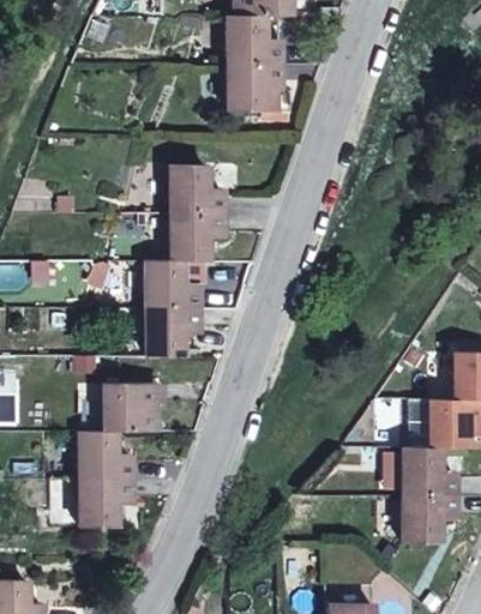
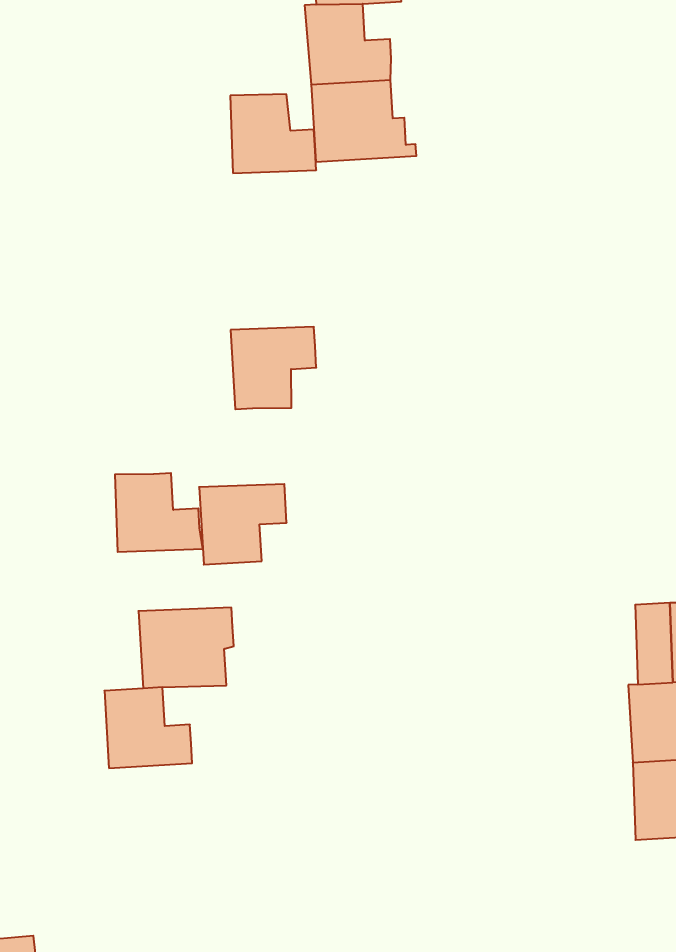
building: [170,164,222,213] -> [230,94,316,173]
building: [145,260,198,309] -> [115,473,203,552]
building: [79,478,131,526] -> none

